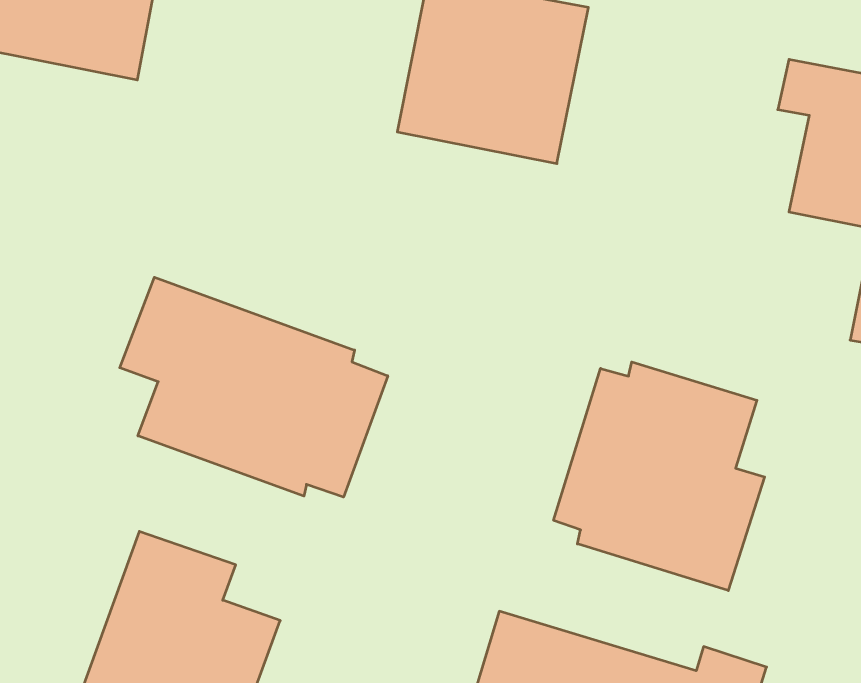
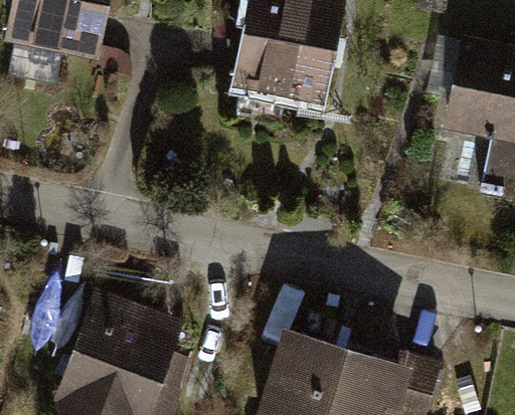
building: [120,277,388,497] -> none
building: [554,362,765,591] -> none

